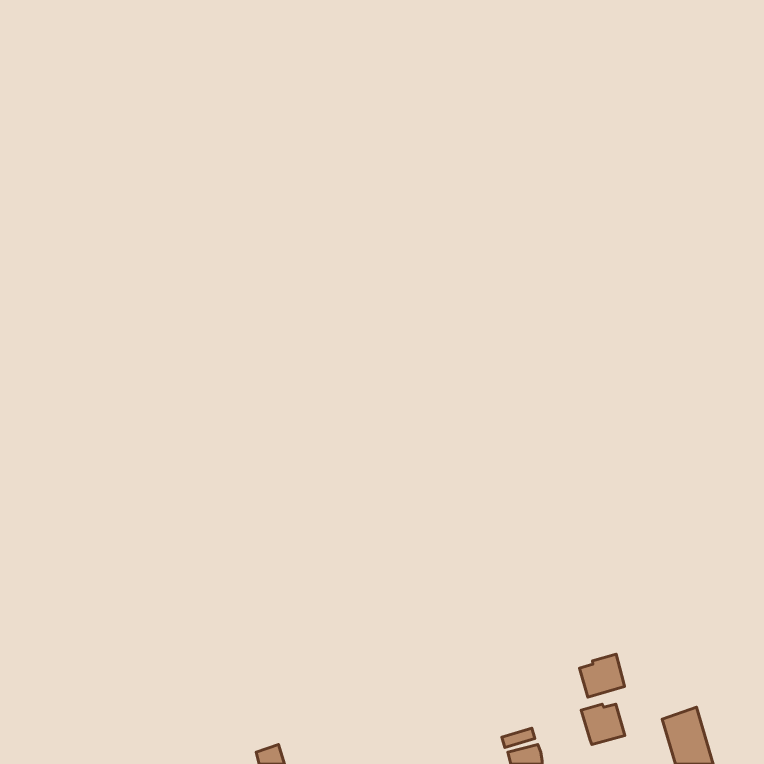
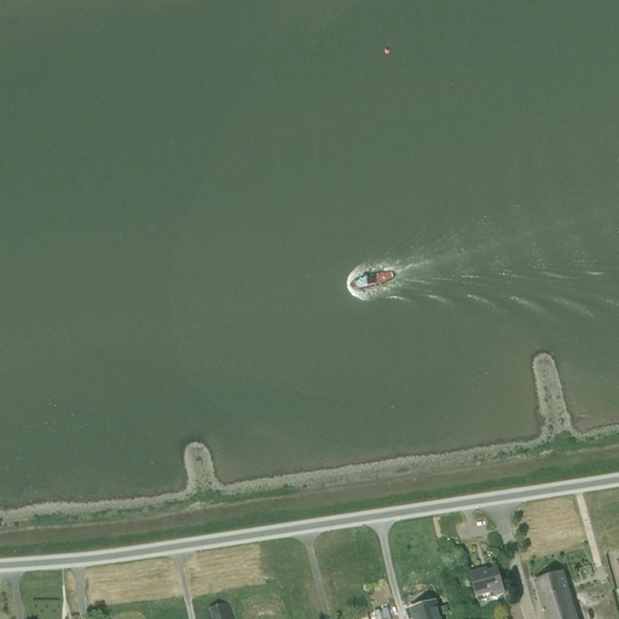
building: [580,654,625,697] -> none

